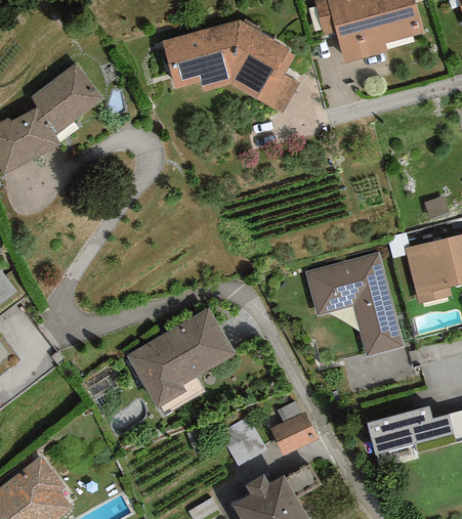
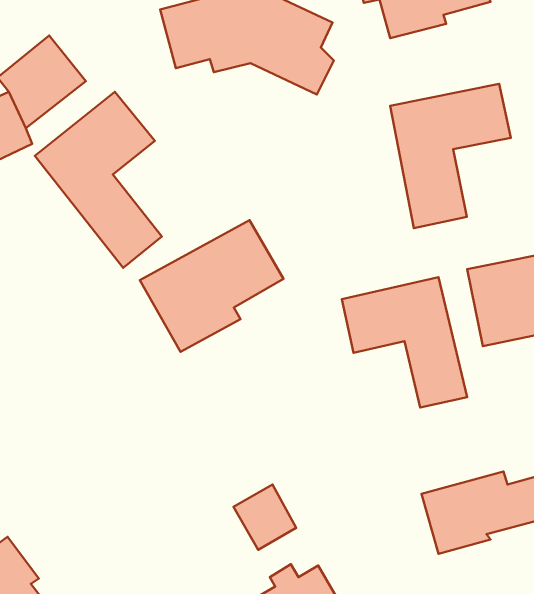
building: none -> [390,84,511,228]
building: none -> [35,92,162,268]
building: [124,307,237,410] -> [140,220,284,352]
building: [271,413,319,455] -> none

